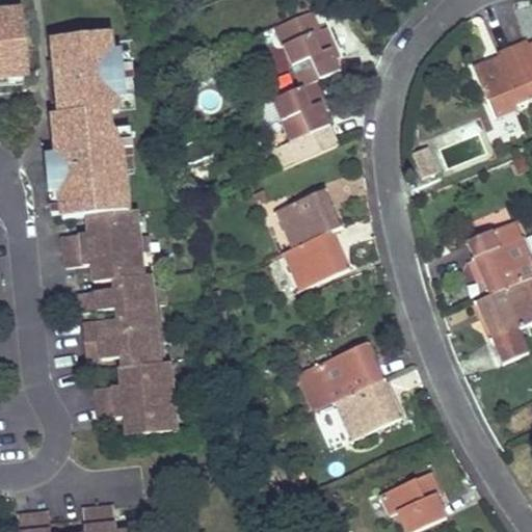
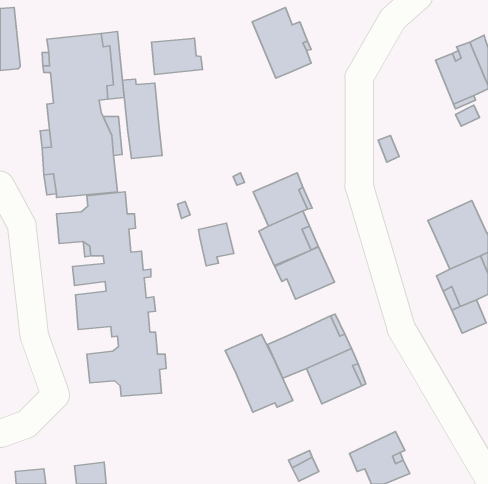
building: none -> [152,38,203,74]
building: [270,79,337,167] -> none
building: none -> [122,79,162,159]
building: none -> [198,223,234,266]
building: none -> [275,247,334,299]
building: none -> [225,334,293,412]

